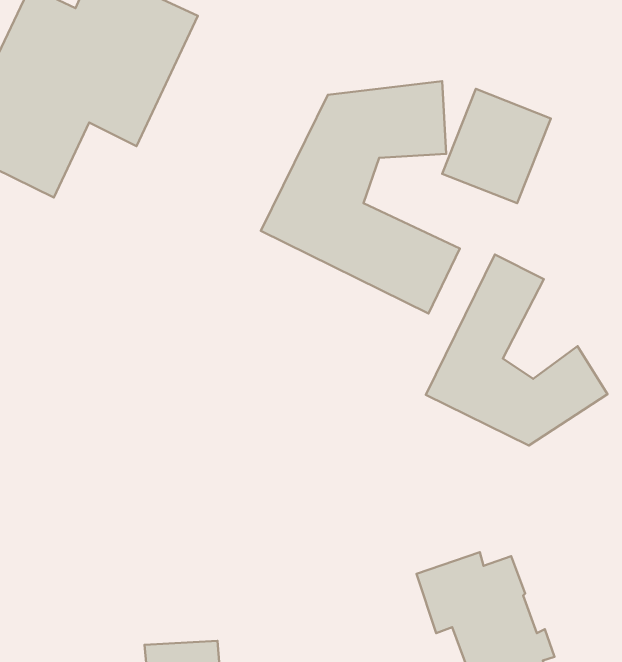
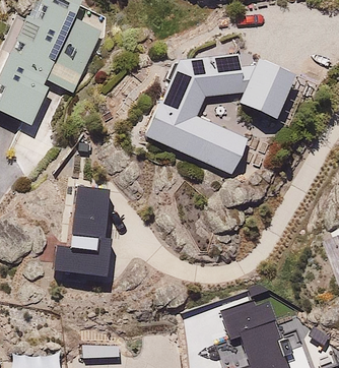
building: [426,254,608,446] -> none
building: none -> [53,186,112,277]

